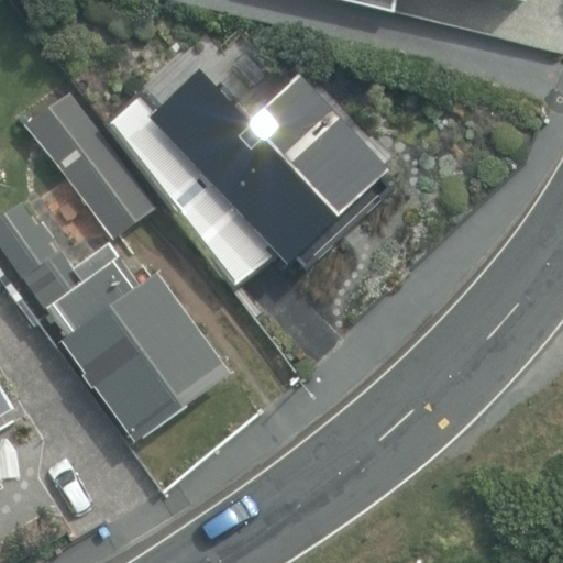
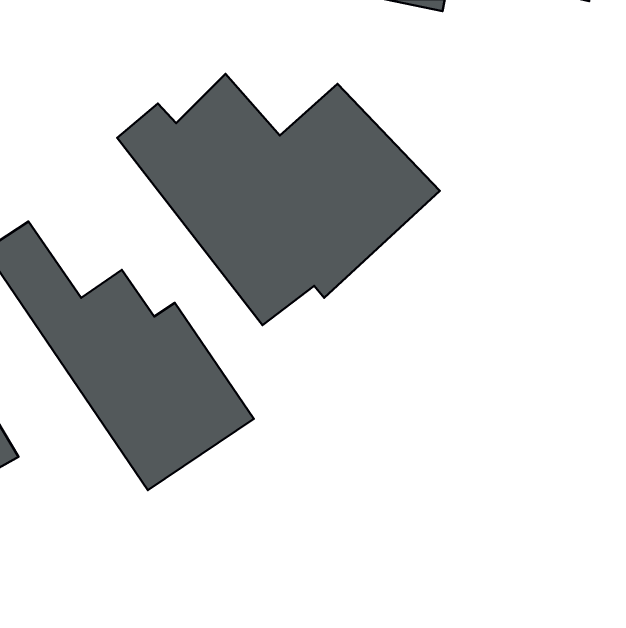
building: [25,88,161,238] -> none

